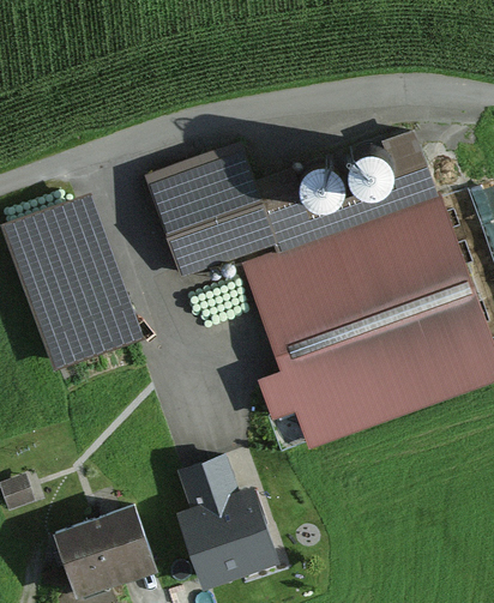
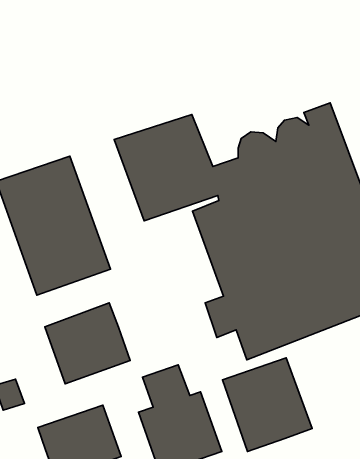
building: none -> [45,303,130,384]
building: none -> [223,358,312,452]

